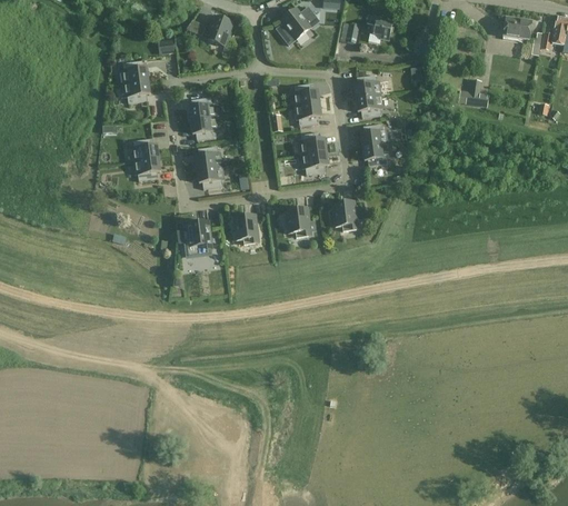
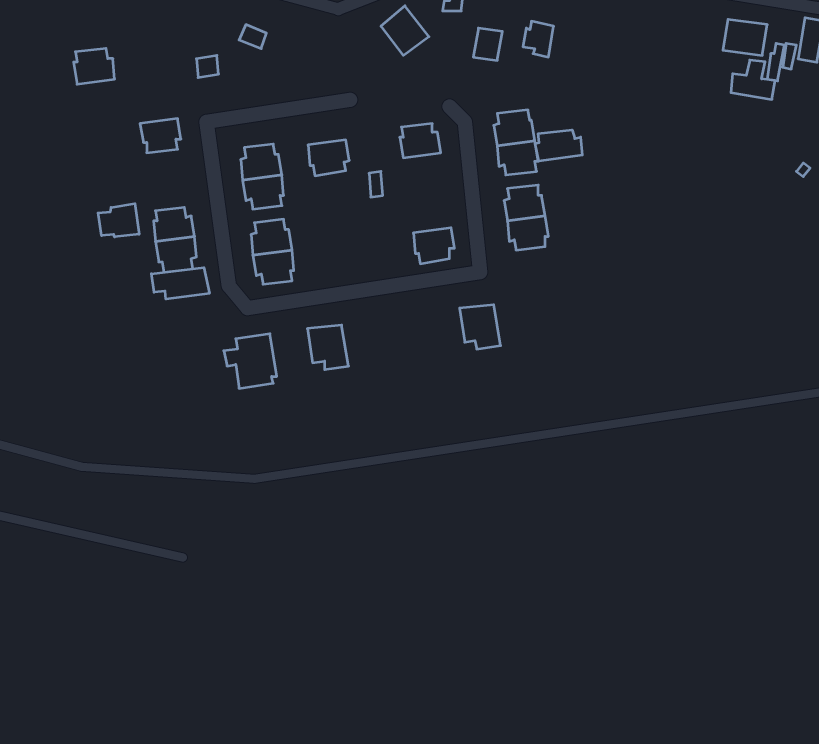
building: [205,14,233,46] -> none
building: [121,60,148,83] -> [74,48,115,84]
building: [460,80,489,106] -> [731,60,775,99]
building: none -> [535,130,582,161]
building: [295,102,321,126] -> [308,140,349,176]
building: [299,131,326,155] -> none
building: none -> [98,204,139,237]
building: none -> [151,268,209,299]
building: [285,207,311,237] -> none

